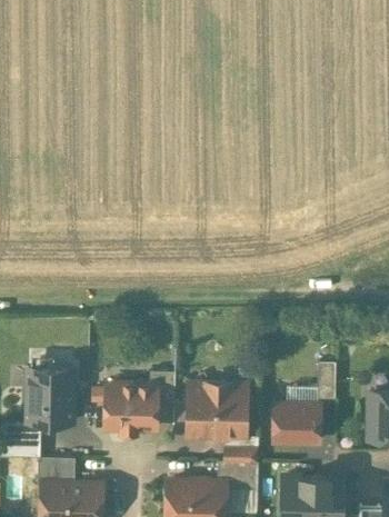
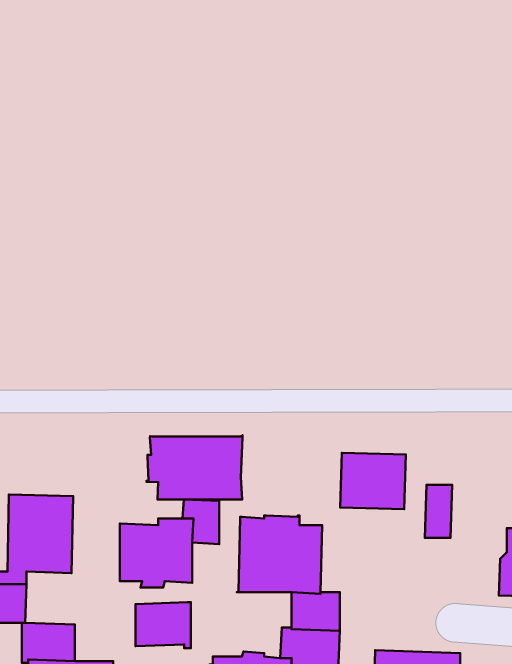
building: none -> [146,435,242,499]
building: [271,404,317,443] -> [340,453,406,509]
building: none -> [135,602,191,648]

